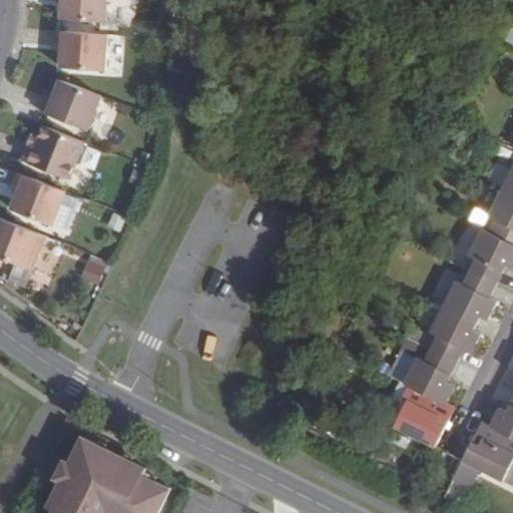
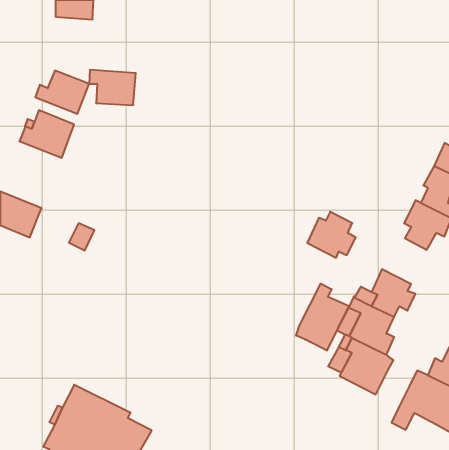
building: [56,31,109,71] -> [89,70,136,105]
building: [14,173,68,226] -> none
building: [436,272,491,324] -> [307,212,356,258]
building: none -> [296,284,349,351]

